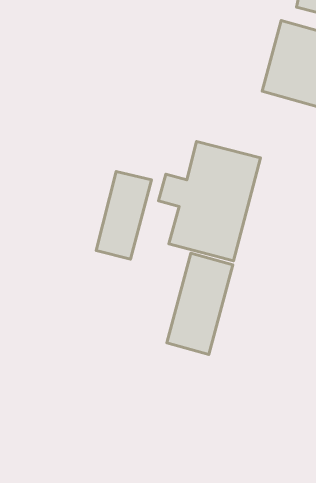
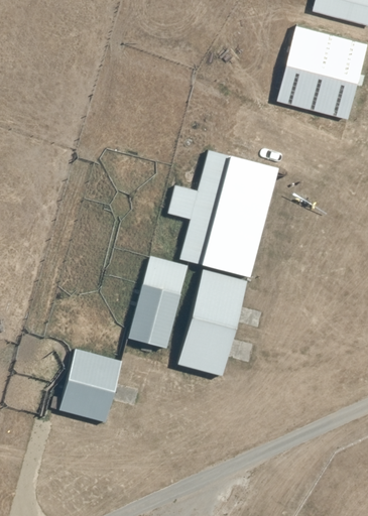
building: [96,171,151,259] -> [129,256,188,349]
building: none -> [59,349,122,422]

